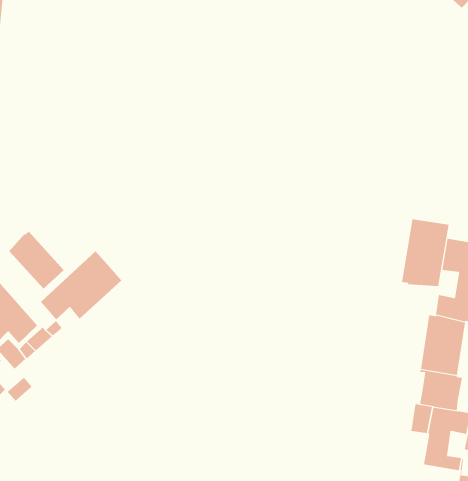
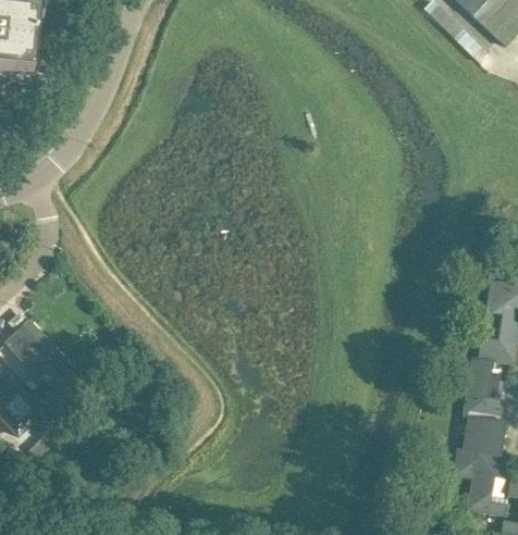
building: [401,219,449,287] -> none
building: [9,231,64,290] -> none
building: [40,251,122,320] -> none

